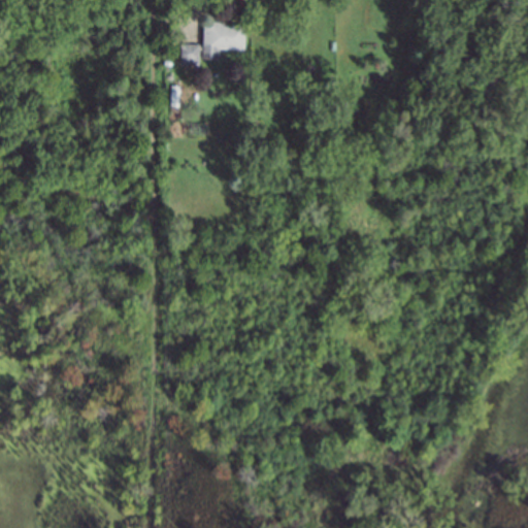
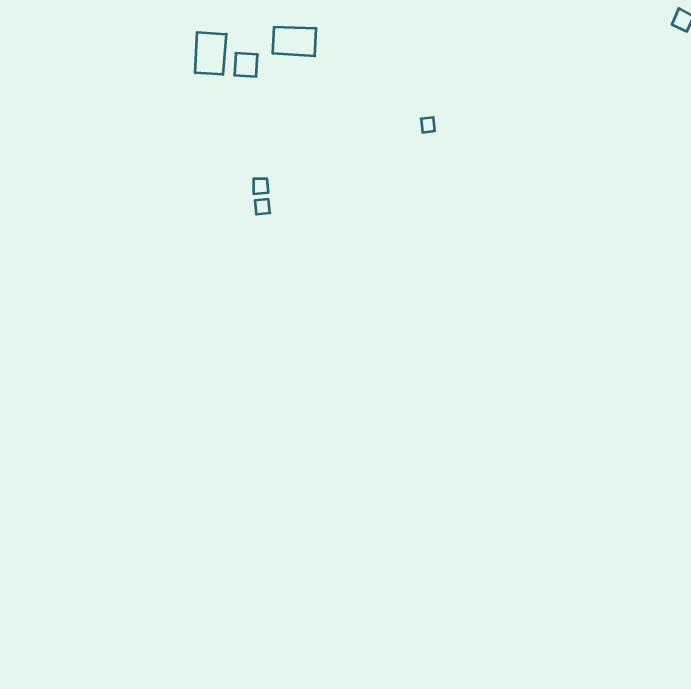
building: none -> [195,32,226,75]

